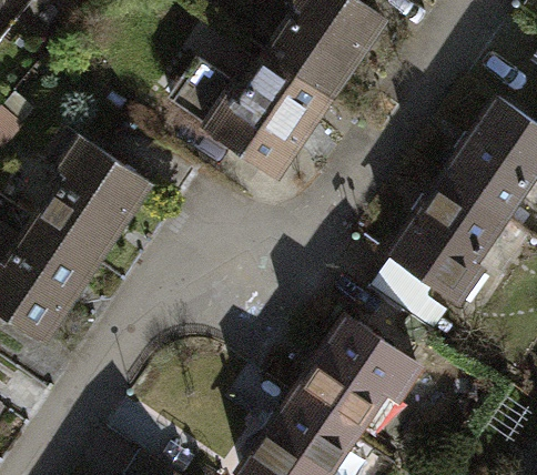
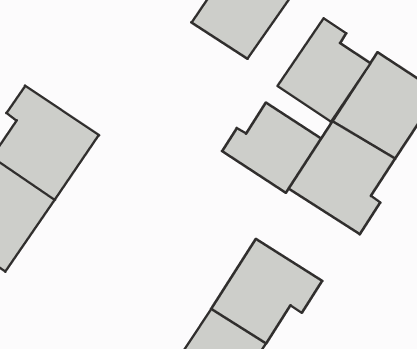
building: none -> [278,18,370,122]
building: [171,54,331,174] -> none
building: none -> [222,103,321,193]

